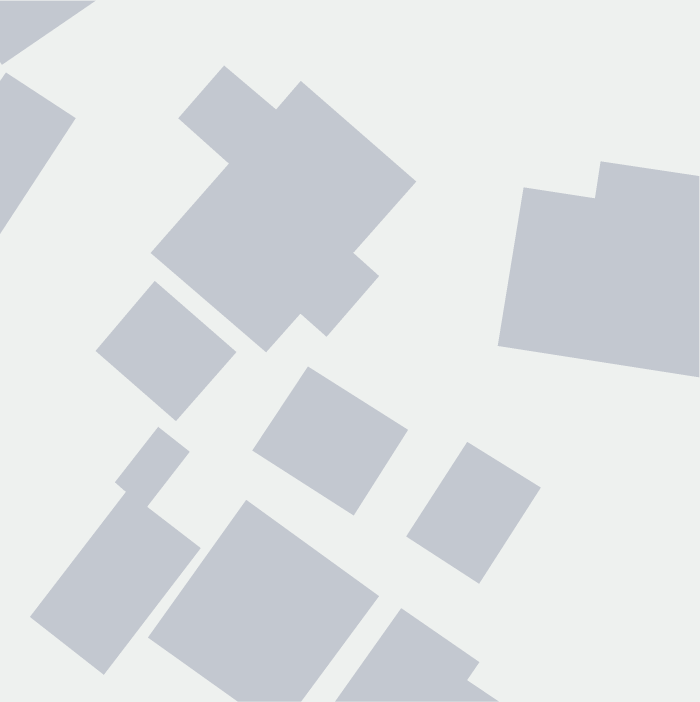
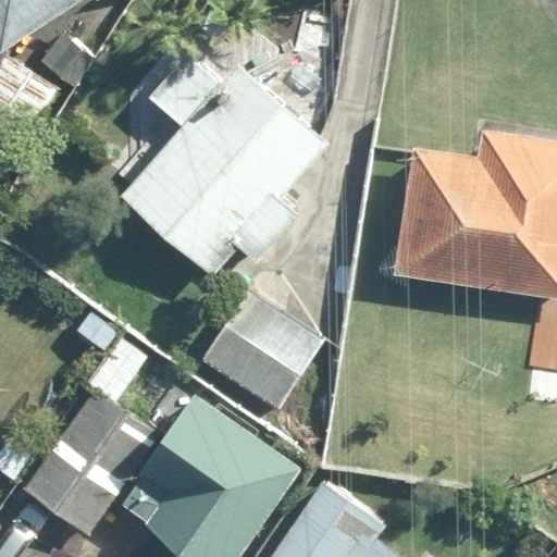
building: [95,280,238,422] -> none
building: [405,441,542,585] -> none

